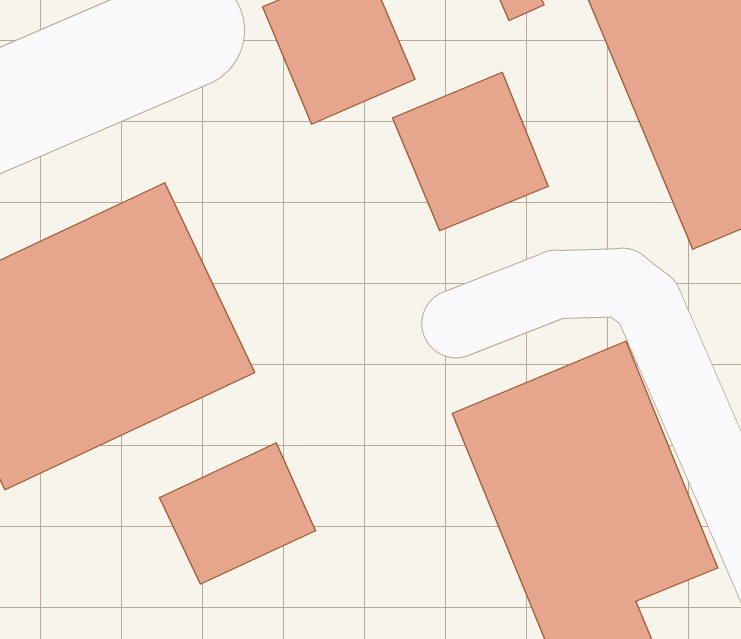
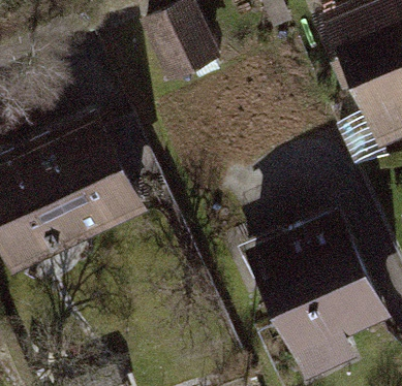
building: [393,72,548,231] -> none
building: [160,443,315,584] -> none

